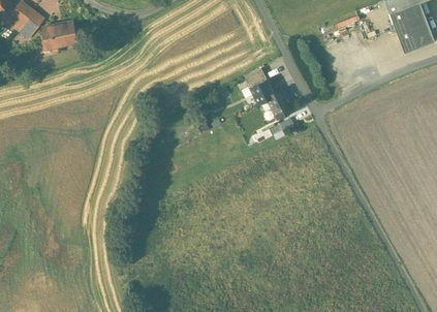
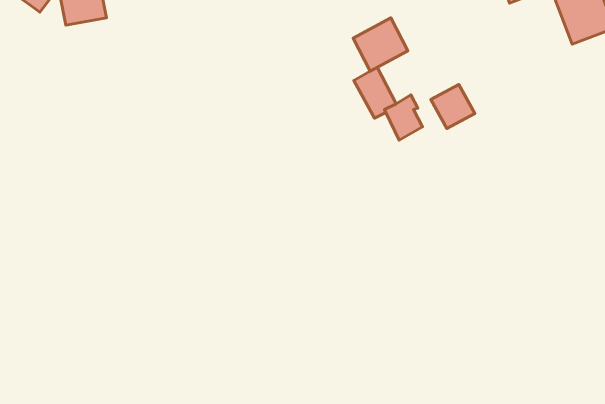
building: none -> [353,18,408,71]
building: none -> [431,85,475,128]

